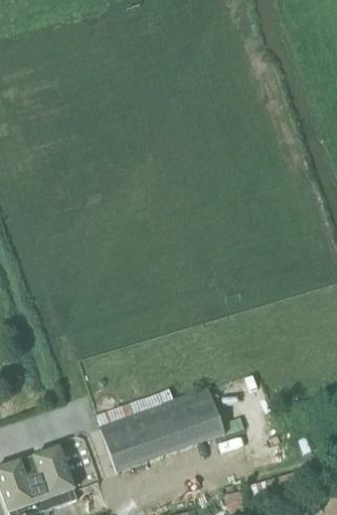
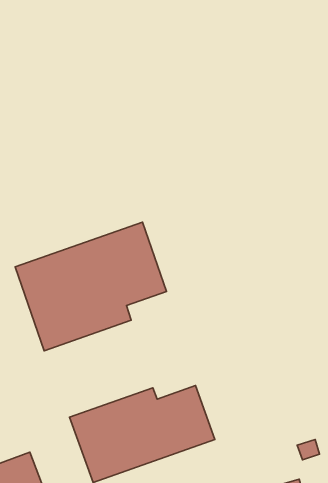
building: none -> [15,222,167,351]

